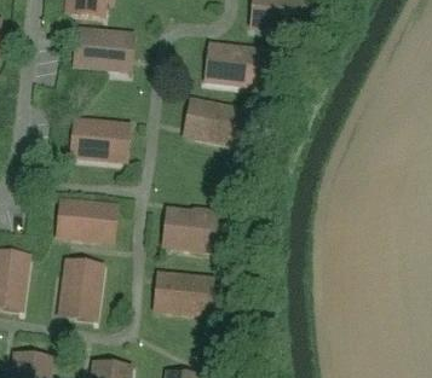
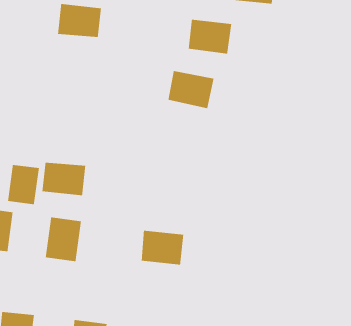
building: [70,118,119,157] -> none
building: none -> [7,164,40,205]
building: [172,208,223,249] -> none

